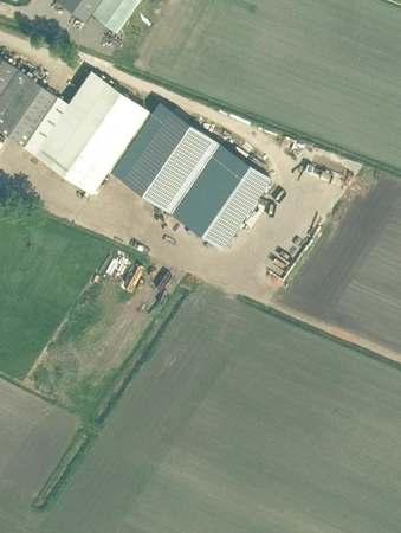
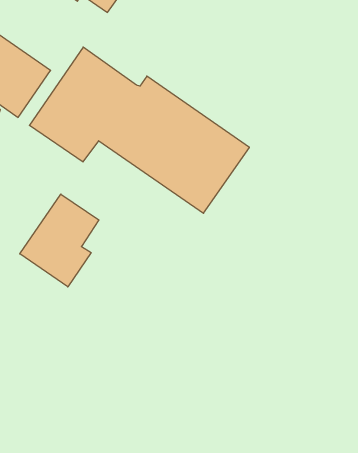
building: none -> [20,194,99,287]

